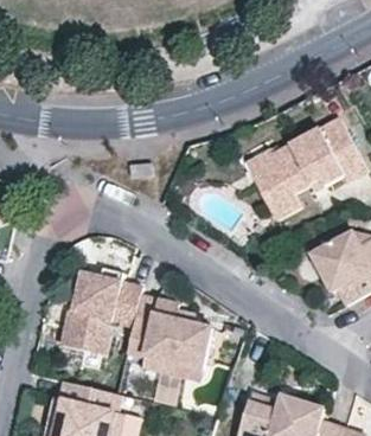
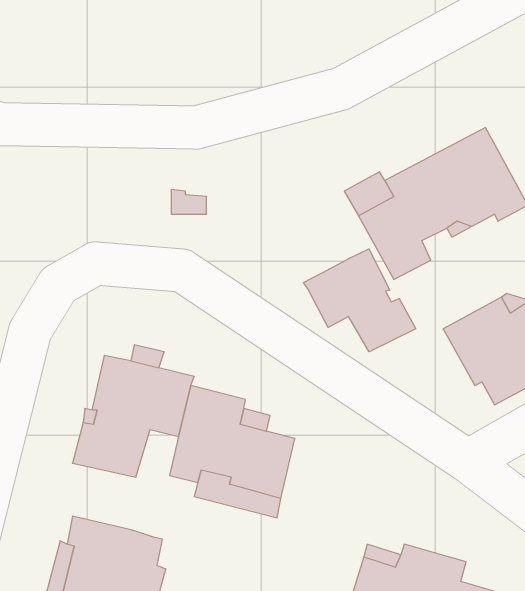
building: none -> [303,249,416,352]

